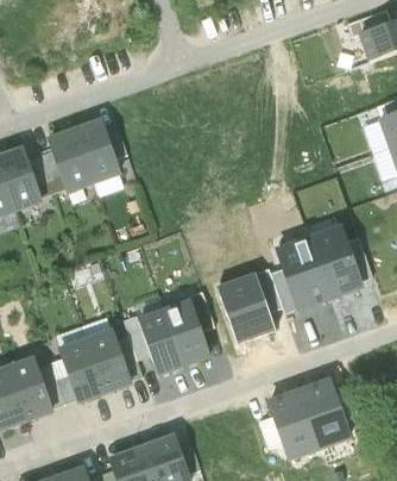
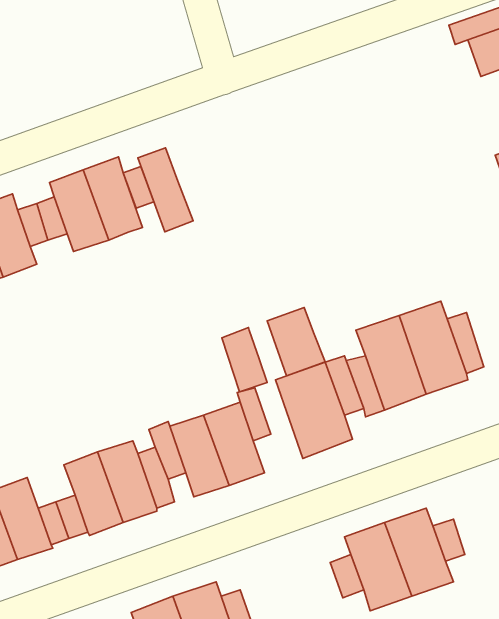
building: none -> [138,148,193,232]
building: none -> [267,308,325,376]
building: none -> [222,328,267,392]

